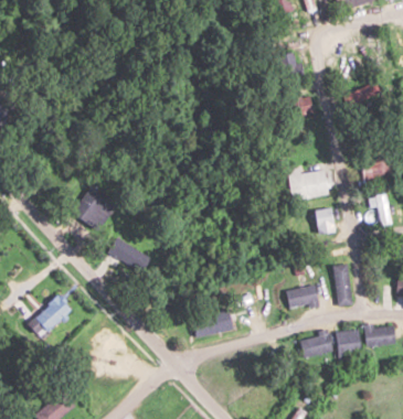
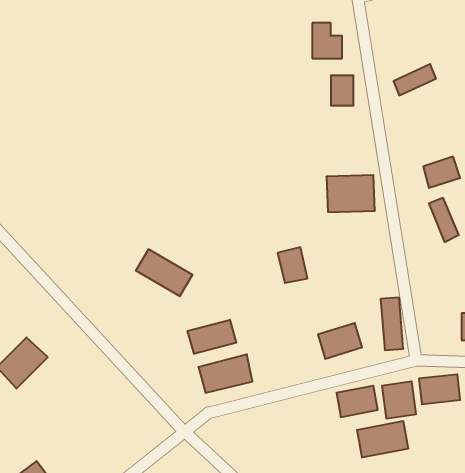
building: [73,185,108,224] -> none
building: [314,207,337,235] -> [278,247,307,283]
building: [108,238,152,275] -> [136,249,193,296]
building: none -> [188,320,236,354]
building: none -> [357,421,408,458]

